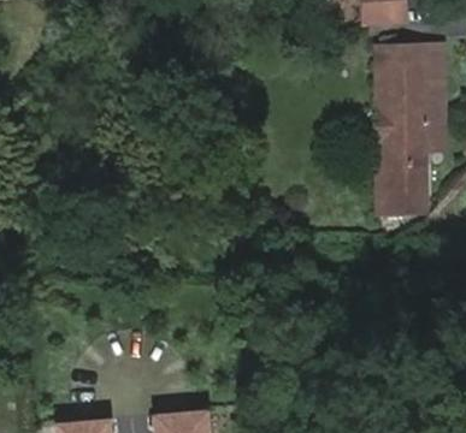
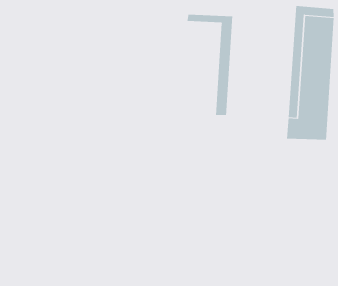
building: none -> [187,14,233,116]

